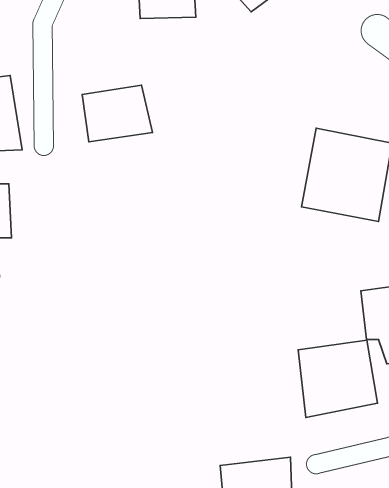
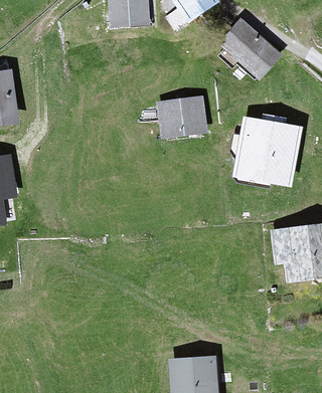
building: none -> [224,24,285,78]
building: [82,85,152,142] -> [157,96,209,139]
building: [298,340,378,417] -> none

